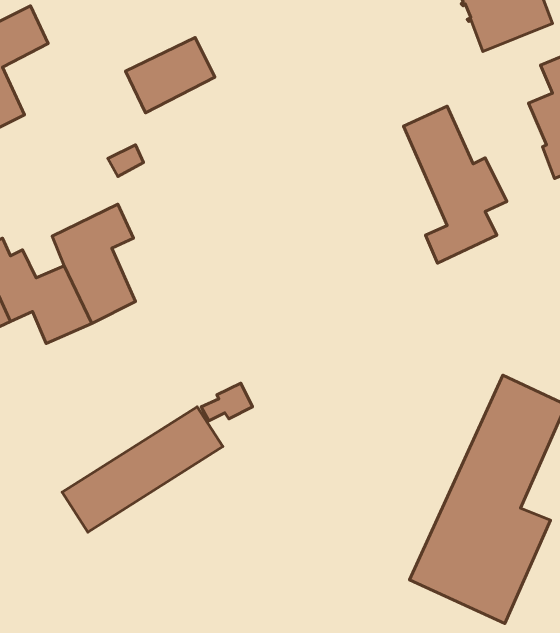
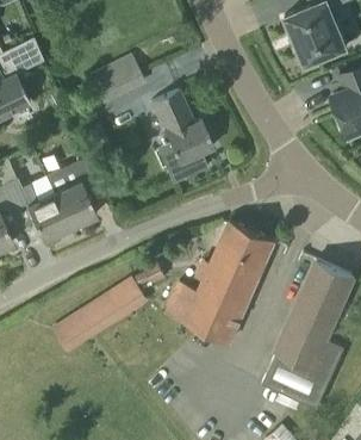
building: [404,106,507,263] -> [151,91,213,185]
building: none -> [164,221,274,345]

